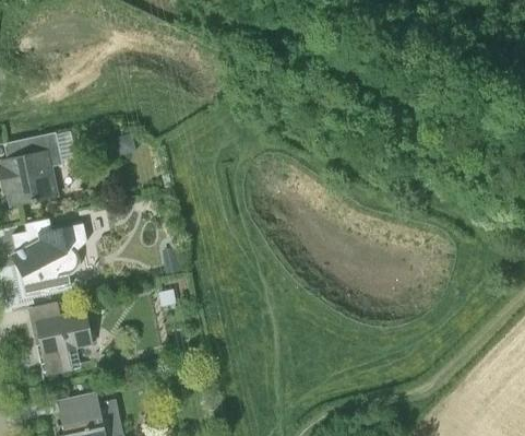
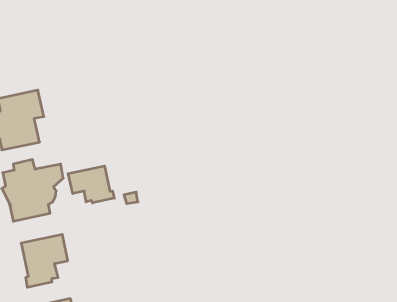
building: none -> [68,166,114,203]

